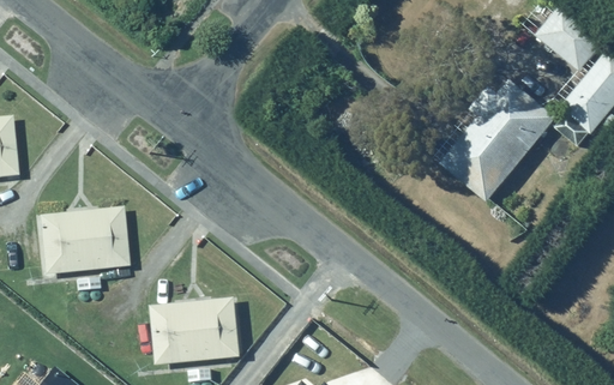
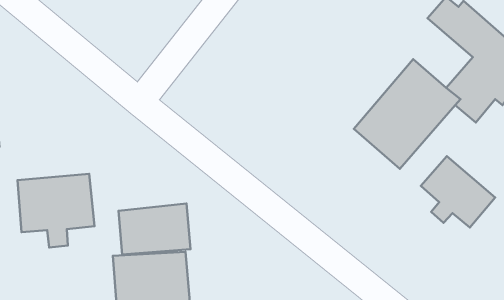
building: none -> [421,156,495,228]
building: none -> [119,204,190,255]

